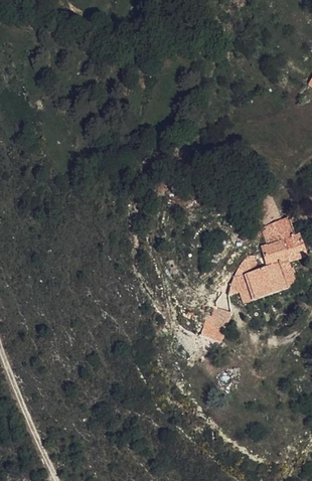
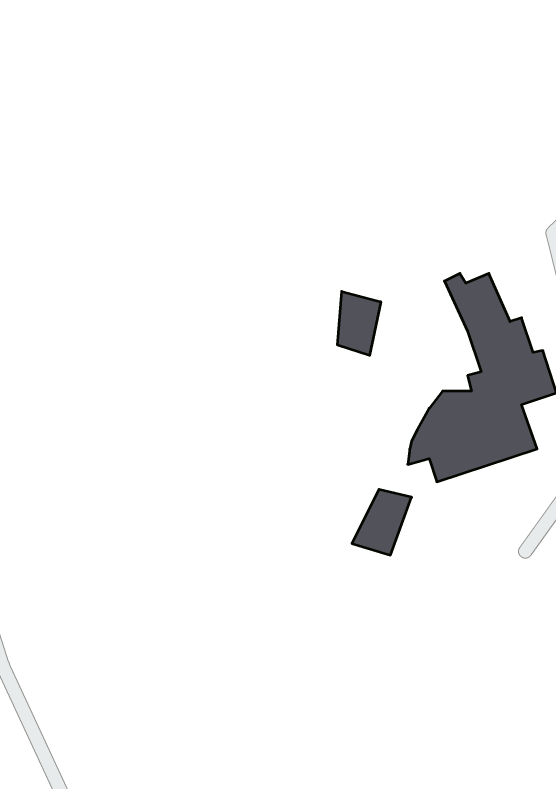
building: none -> [338,291,381,355]

